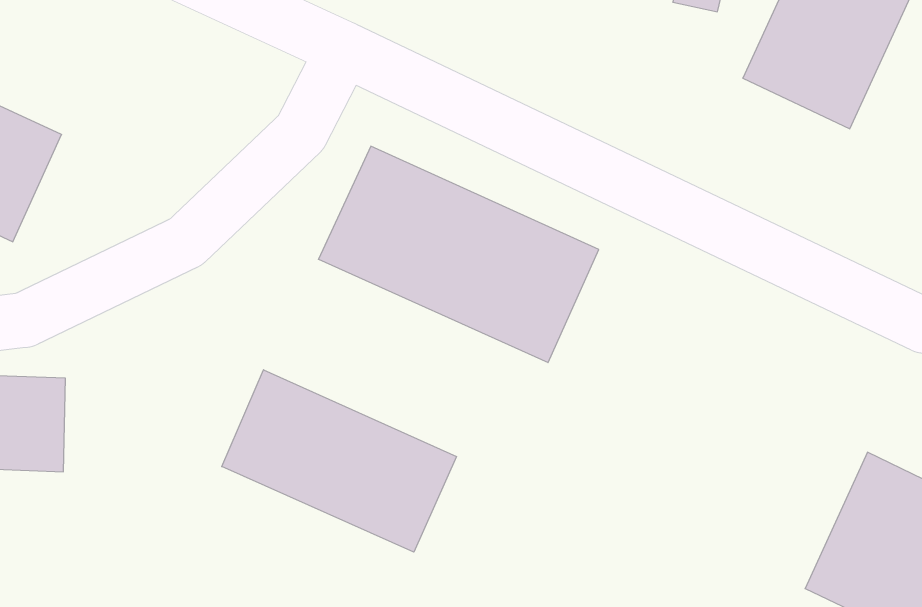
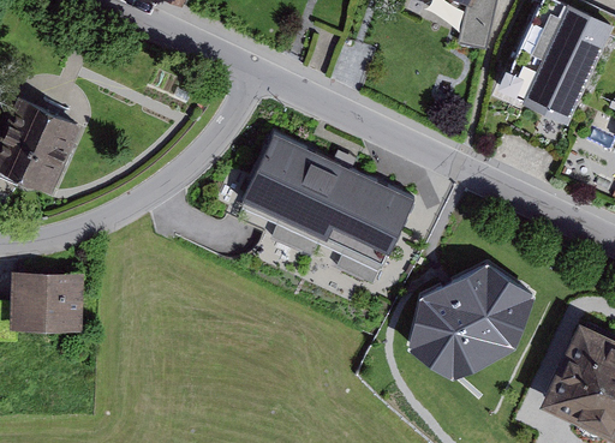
building: none -> [407,269,532,383]
building: [222,370,457,552] -> none

